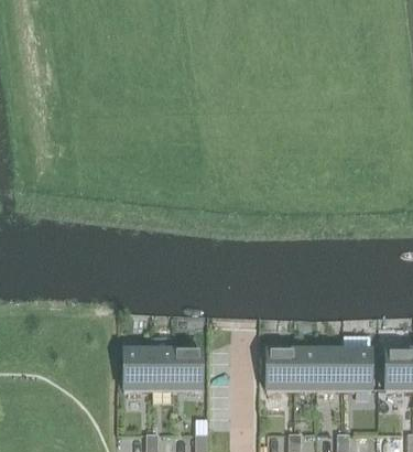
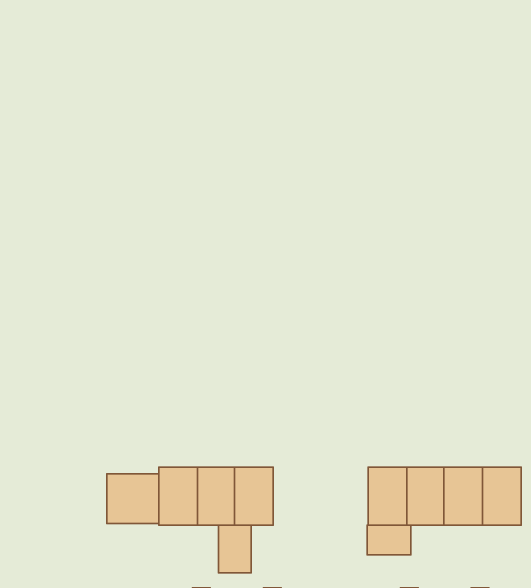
building: none -> [107,474,159,523]
building: none -> [218,525,251,573]
building: none -> [367,525,411,555]

